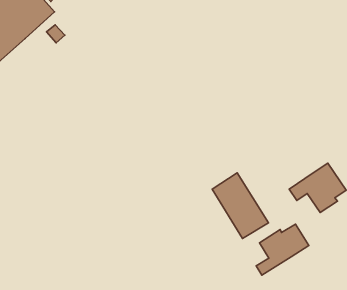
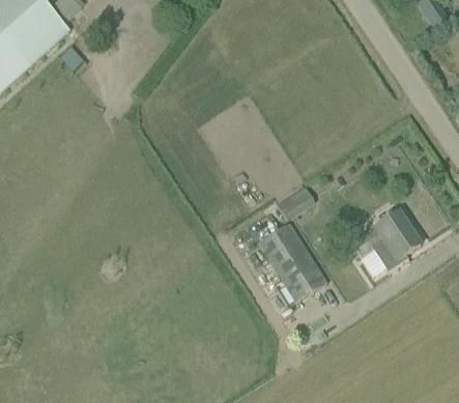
building: none -> [279,186,315,218]
building: [256,224,309,275] -> none

